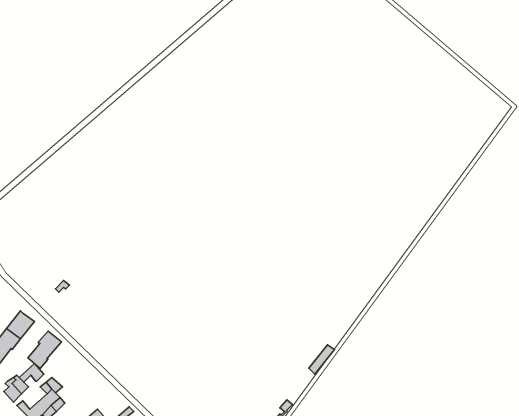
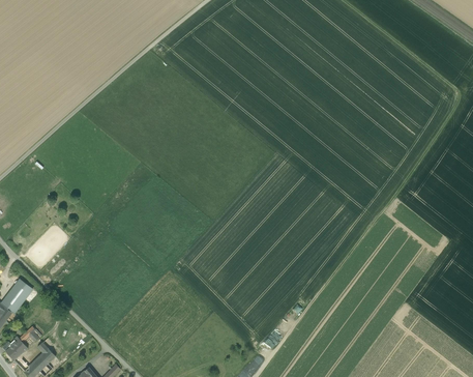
building: [28,331,61,369] -> none

